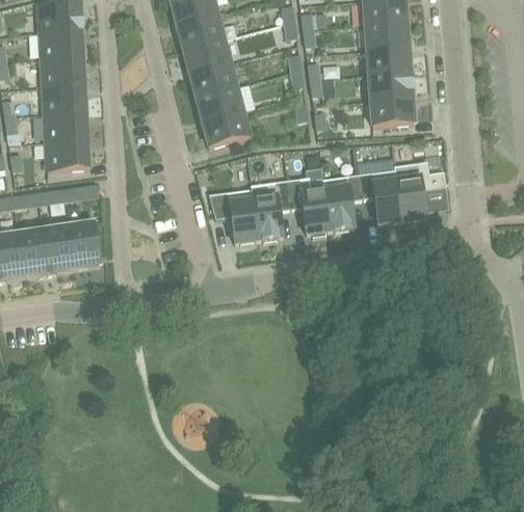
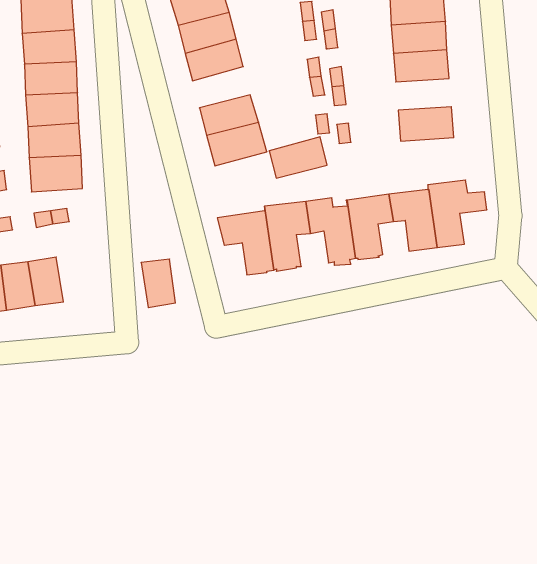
building: [187,61,238,98] -> [269,137,327,178]
building: [366,72,415,100] -> none
building: [68,225,98,268] -> [141,259,175,308]

